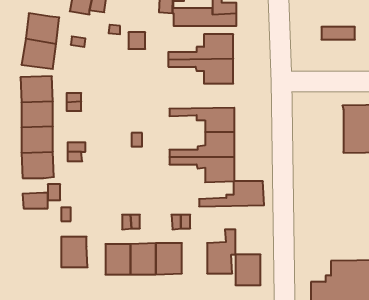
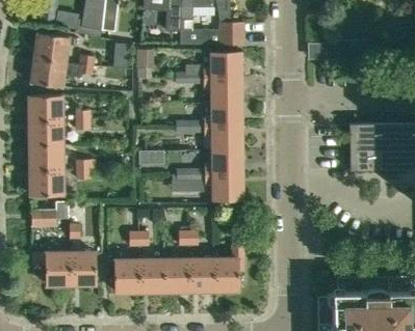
building: [199,181,264,206] -> [177,102,241,127]
building: none -> [32,253,70,284]
building: [235,255,261,285] -> [189,259,214,289]

